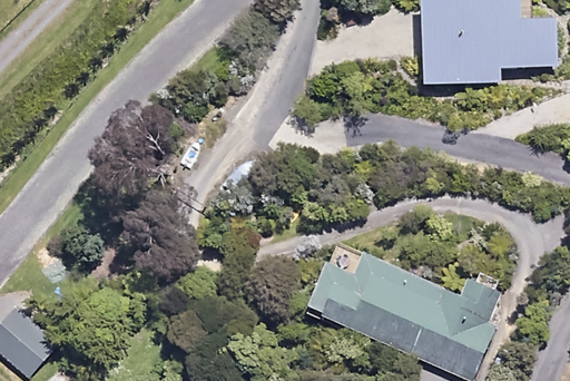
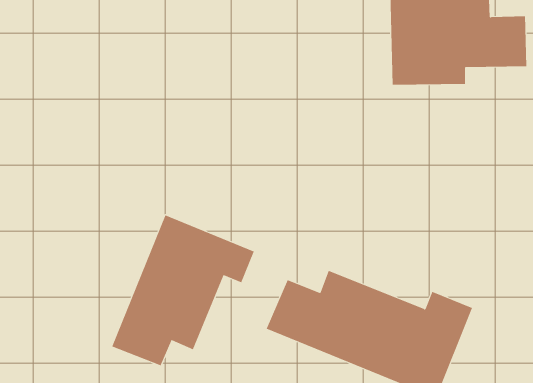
building: none -> [111,215,255,366]

